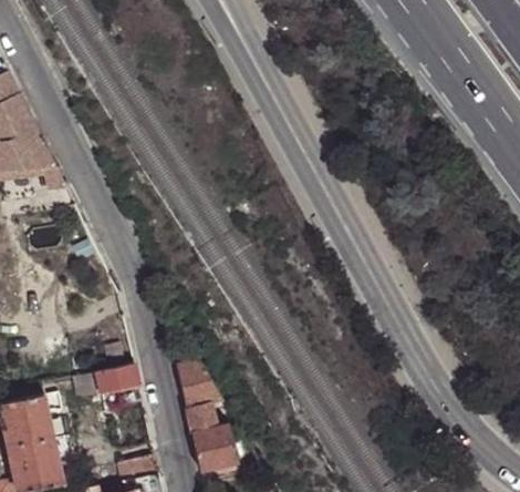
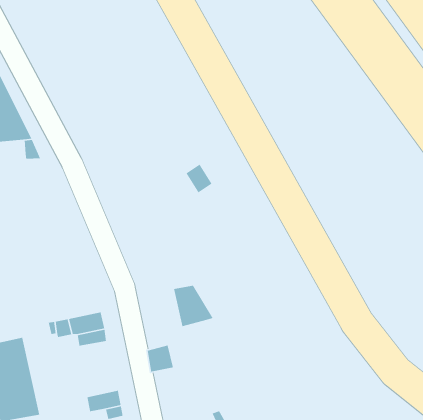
building: [176,360,222,409] -> [173,285,214,327]
building: [190,426,238,470] -> none

